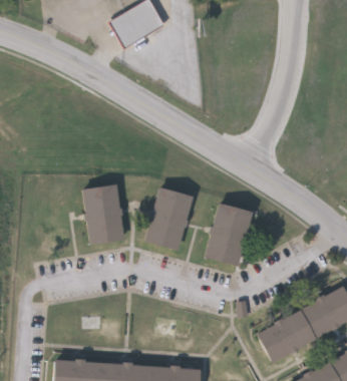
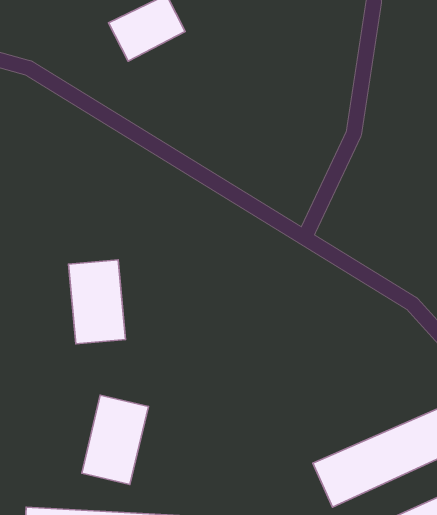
building: [144,188,192,252] -> [82,395,148,485]
building: [205,205,252,268] -> none

